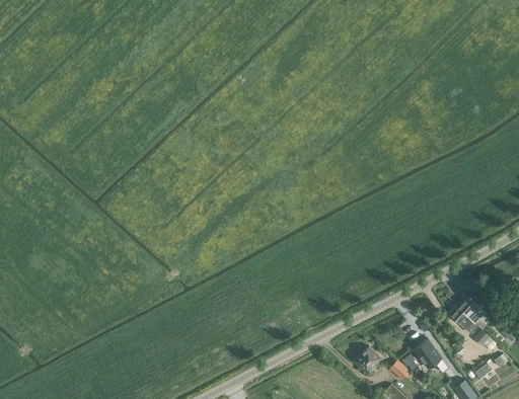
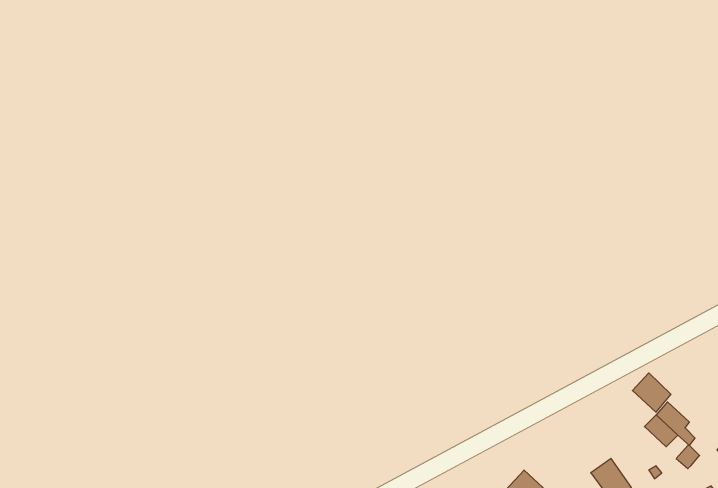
building: none -> [632,373,671,412]

